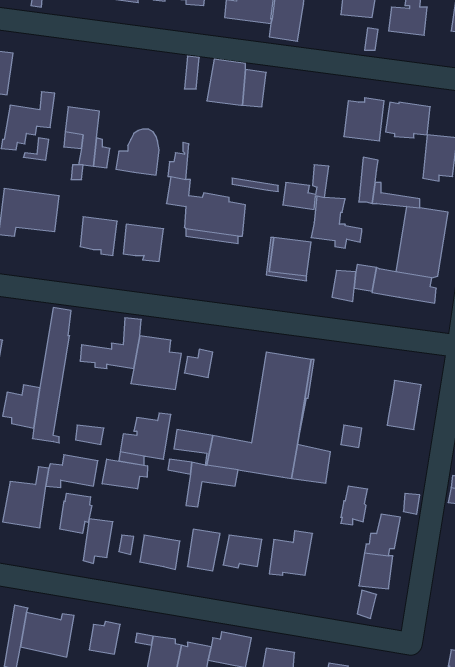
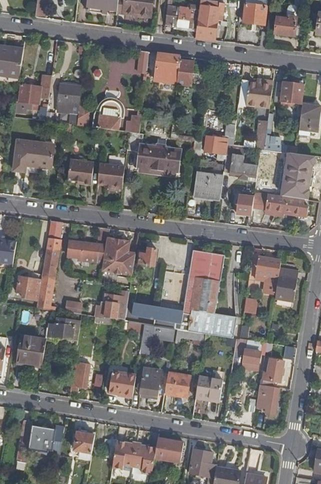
building: none -> [253,257,280,292]
building: [102,459,147,489] -> none
building: [60,493,92,533] -> none

